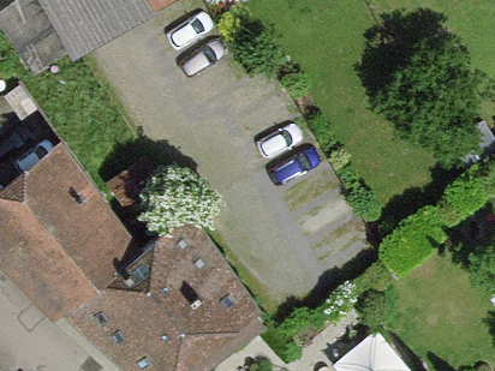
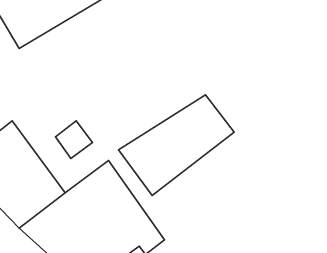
building: none -> [118,95,234,195]

